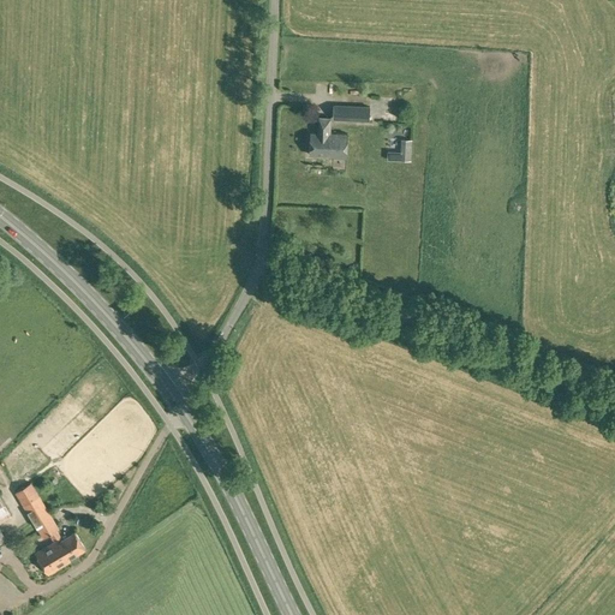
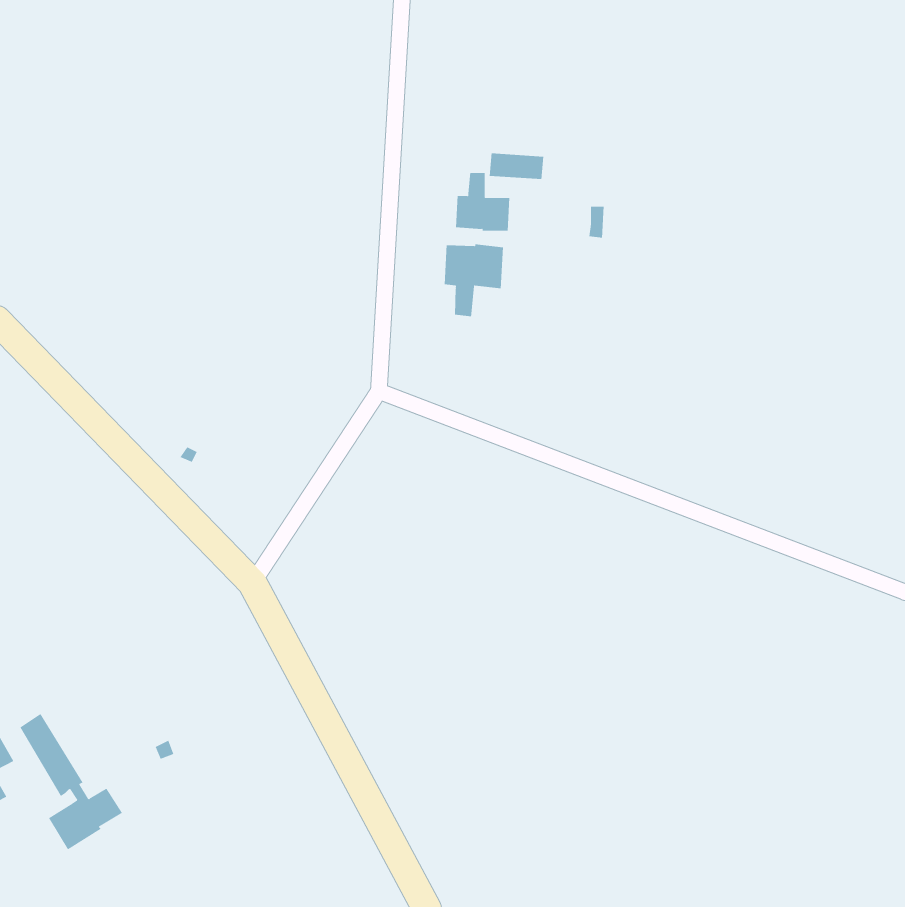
building: none -> [444,243,503,317]

